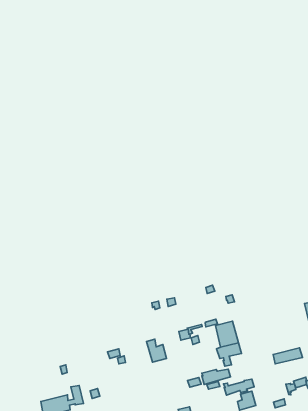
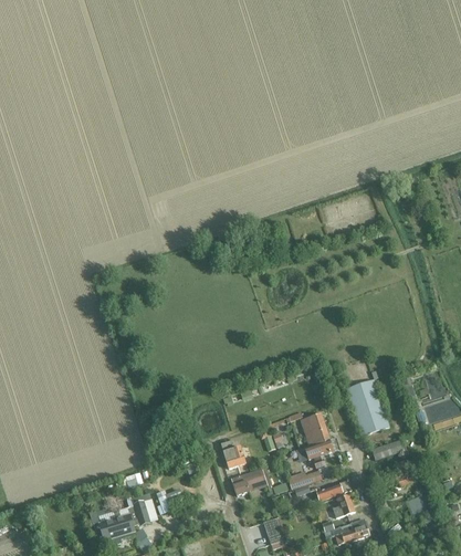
building: none -> [347,379,389,436]
building: none -> [231,469,264,495]

